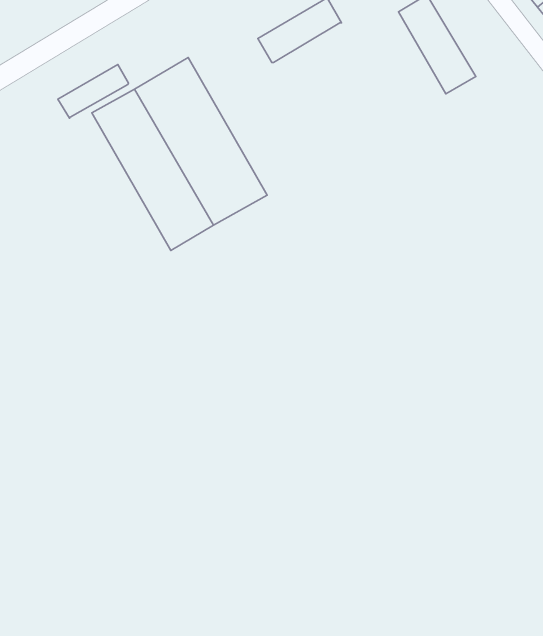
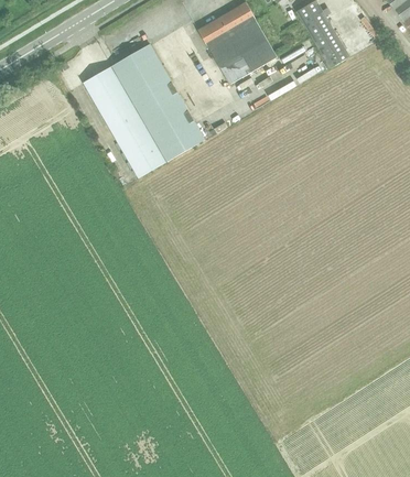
building: none -> [209,19,277,83]
building: [58,65,128,118] -> none

